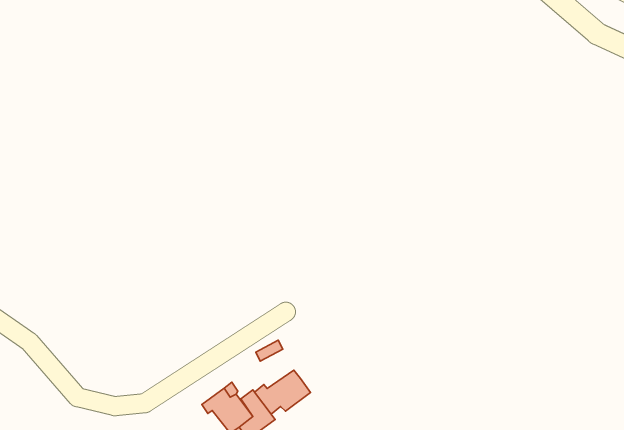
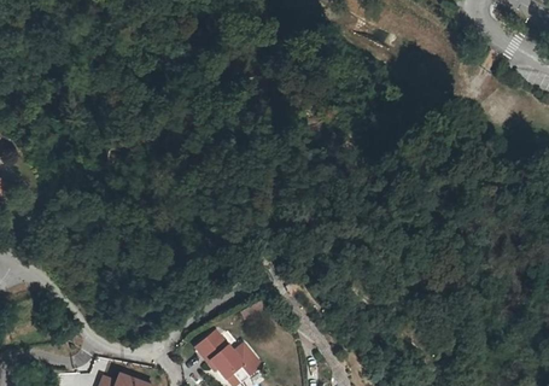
building: [254,370,310,414] -> none

